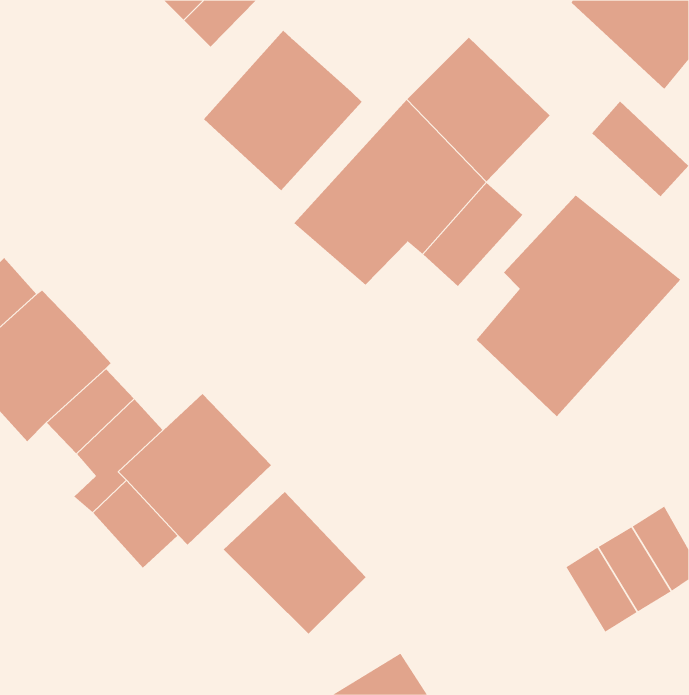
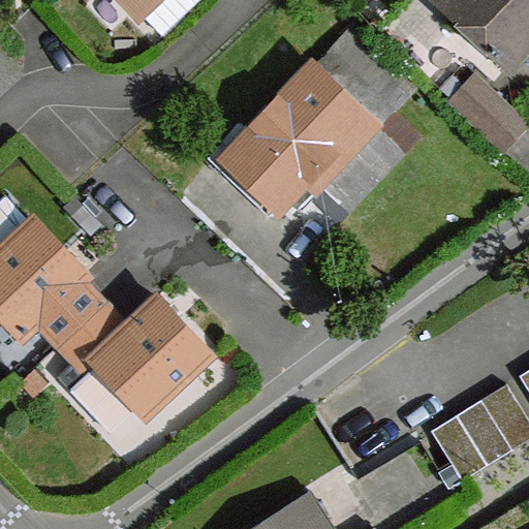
building: [203,30,363,191] -> none
building: [476,195,681,417] -> none
building: [223,491,366,634] -> none

